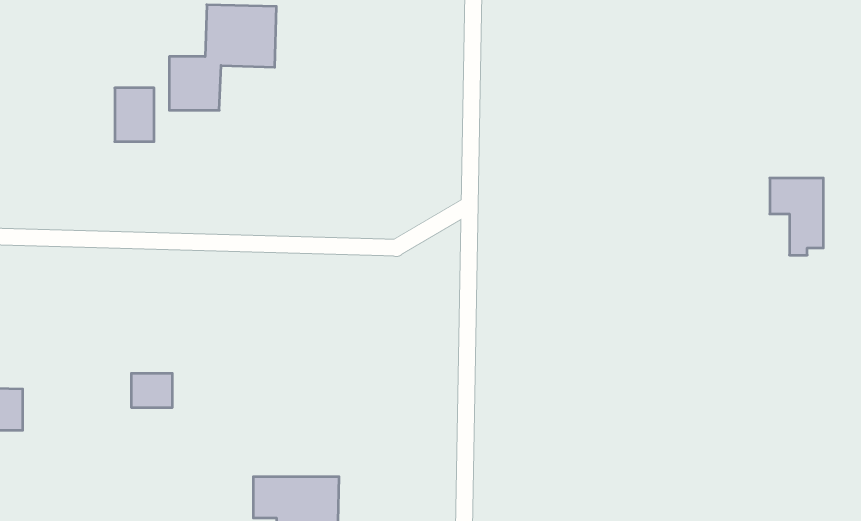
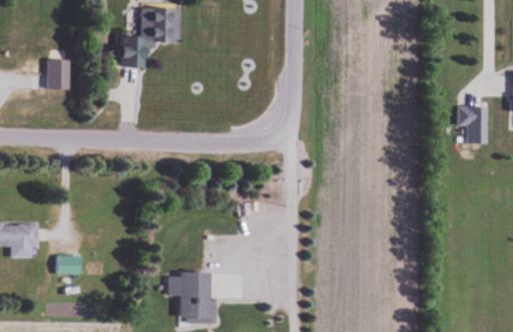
building: [115,88,154,142] -> [47,60,69,90]
building: [131,373,172,407] -> [57,256,80,275]

